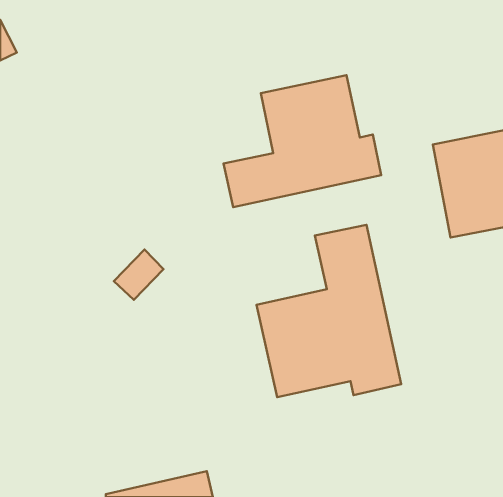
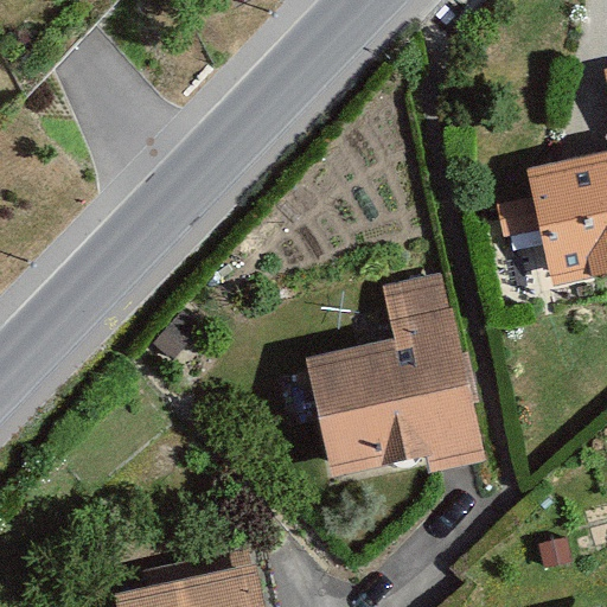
building: [224,75,381,207] -> none

